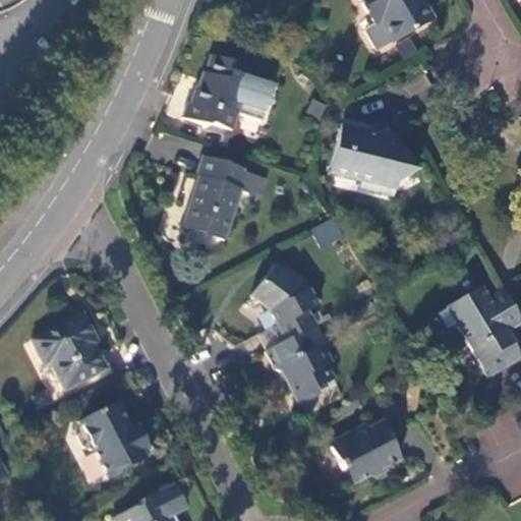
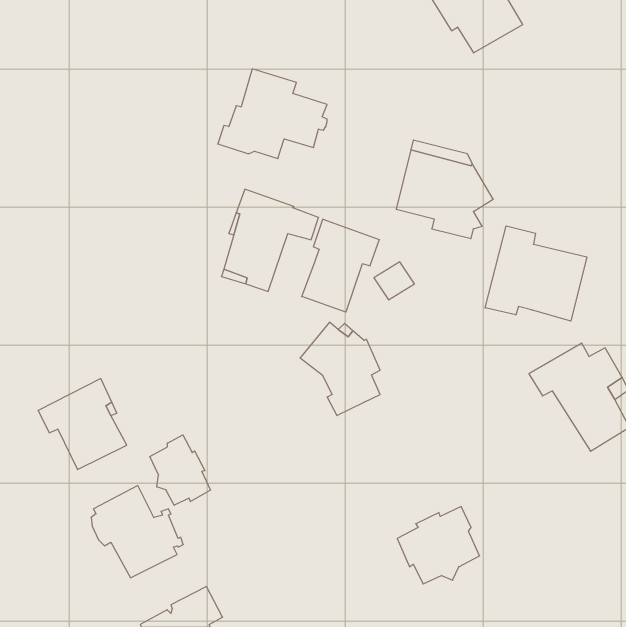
building: none -> [302,219,379,312]
building: none -> [485,226,587,321]
building: [266,333,334,405] -> none
building: none -> [150,435,211,505]

